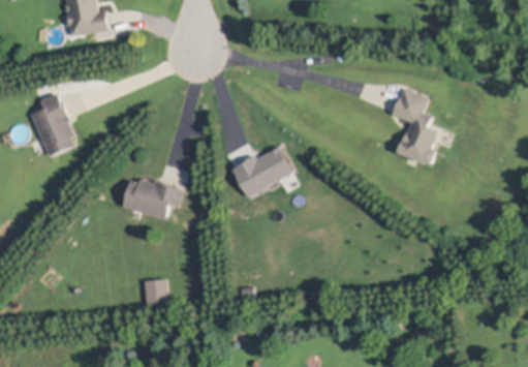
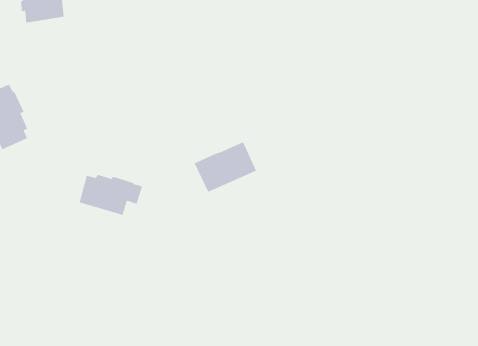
building: [393,88,438,164] -> none
building: [142,278,167,305] -> none

